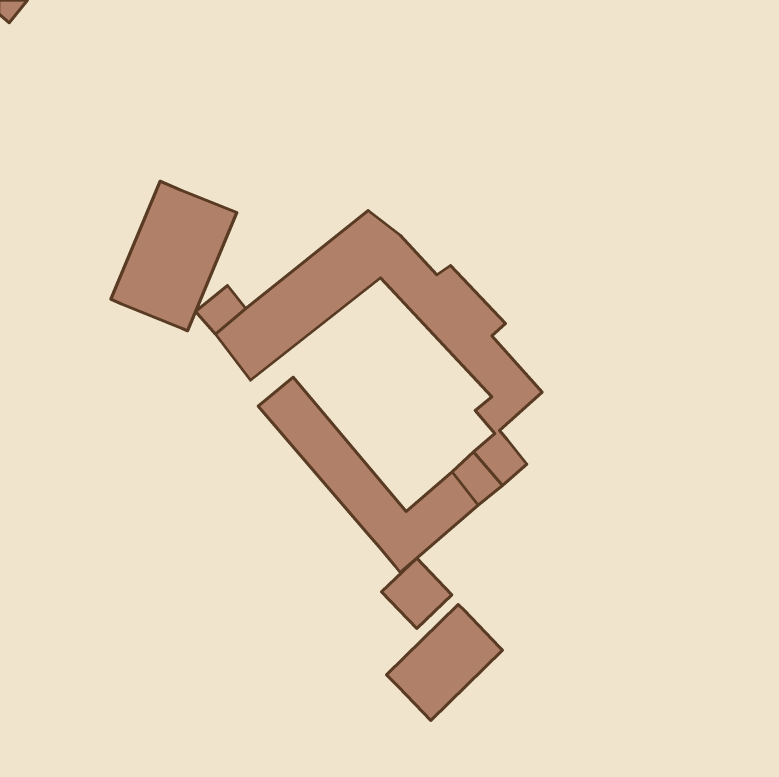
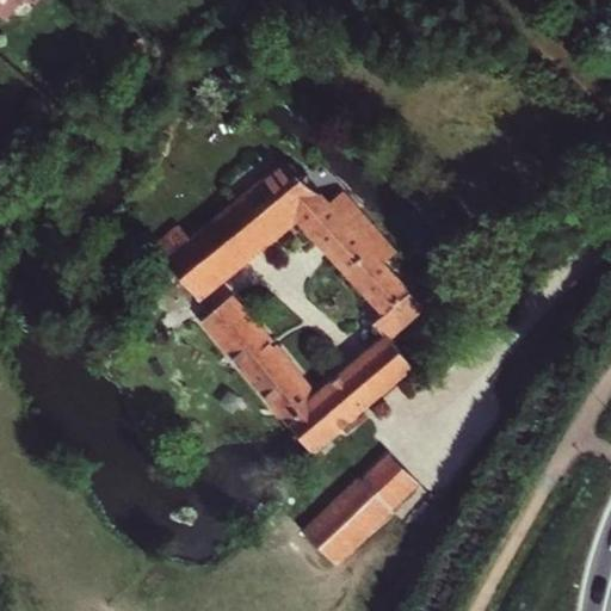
building: [111,181,237,331] -> none
building: [382,558,452,628] -> [363,453,418,508]

